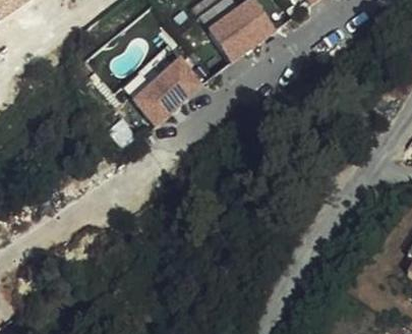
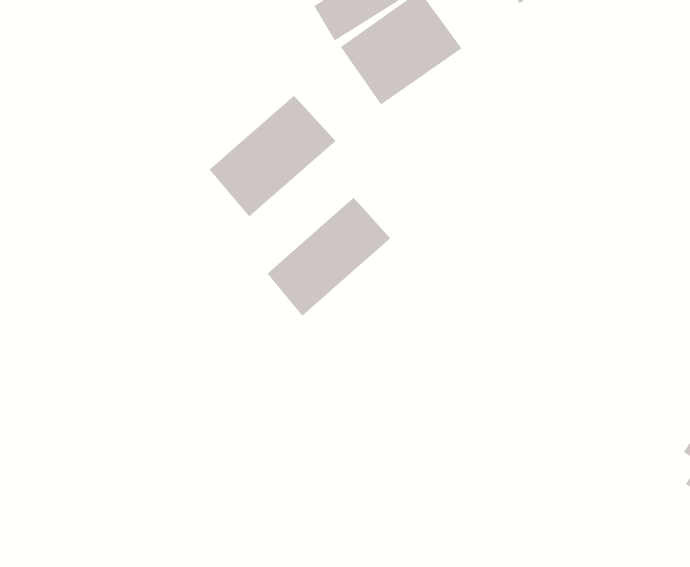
building: none -> [266,197,391,317]

